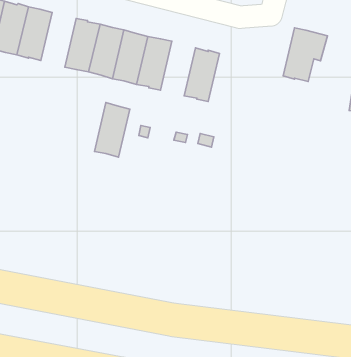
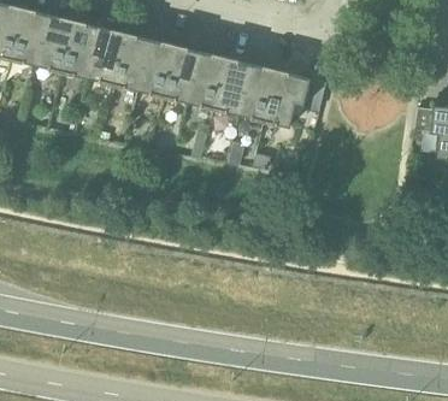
building: none -> [87,26,124,84]
building: [283,28,327,81] -> [264,70,311,126]
building: [94,102,130,157] -> [213,57,250,114]

